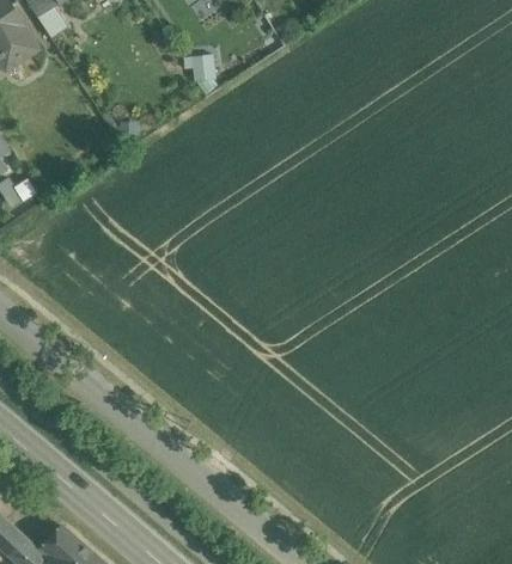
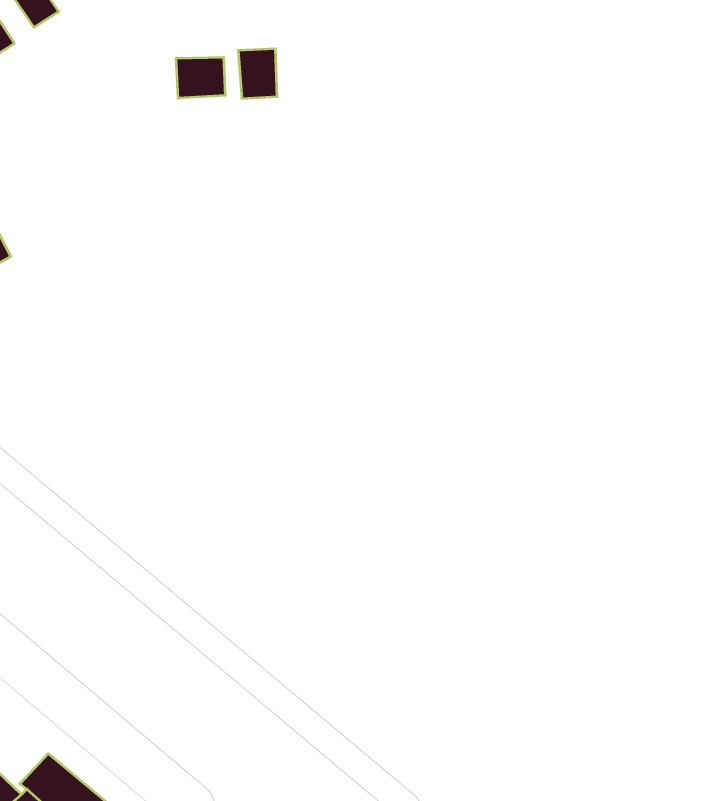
building: none -> [176,57,225,98]

